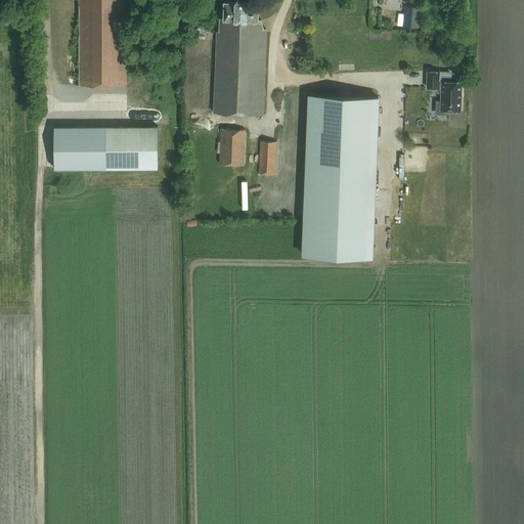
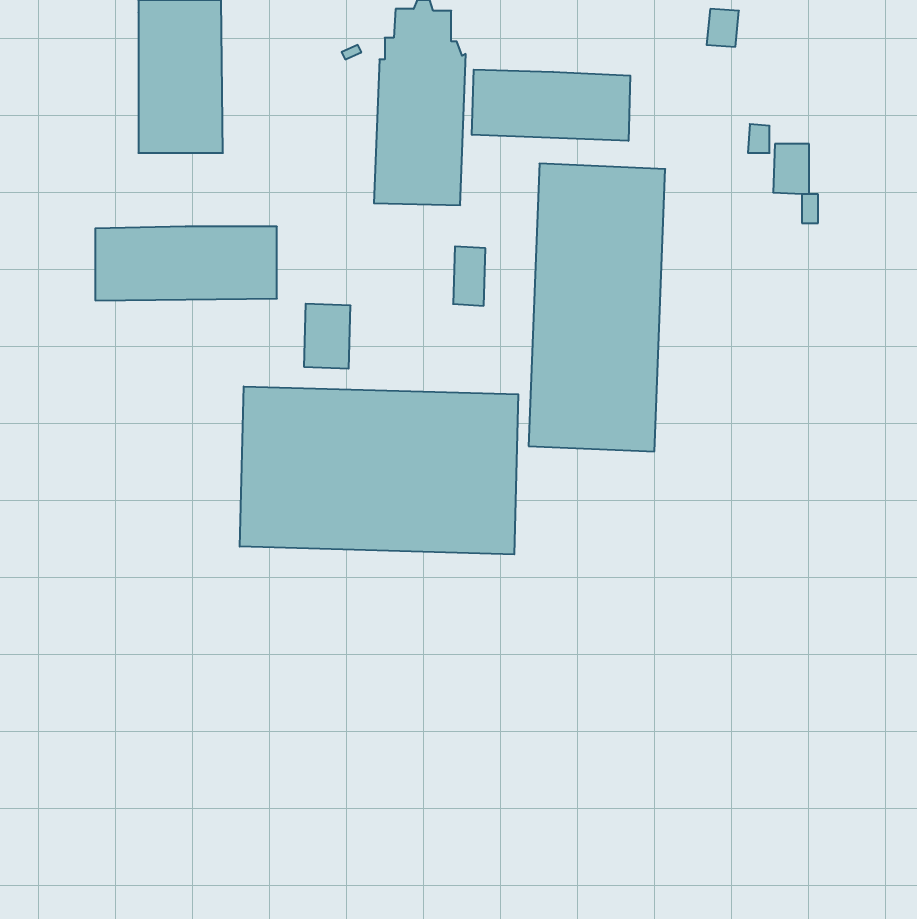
building: none -> [472,70,630,141]
building: [218,128,245,165] -> [304,304,351,369]
building: none -> [240,386,518,554]

